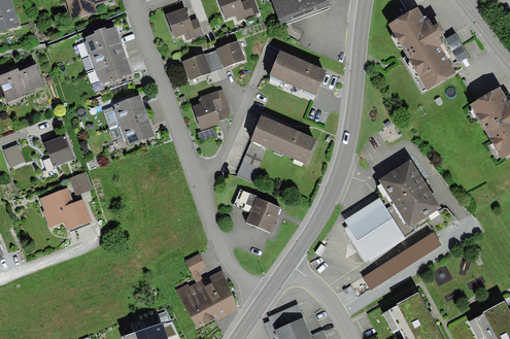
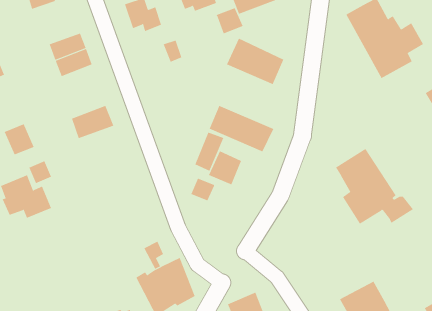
building: [82,26,121,54] -> none
building: [216,40,244,67] -> [216,8,243,34]
building: [181,53,211,80] -> none
building: [194,89,230,129] -> none
building: [104,95,146,129] -> none
building: [245,197,279,232] -> [208,151,242,185]
building: [344,197,404,260] -> none
building: [362,231,441,290] -> none

